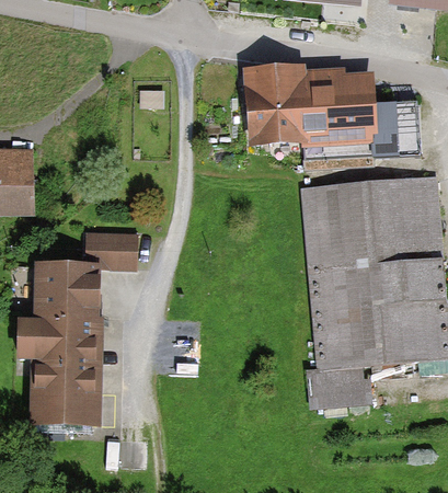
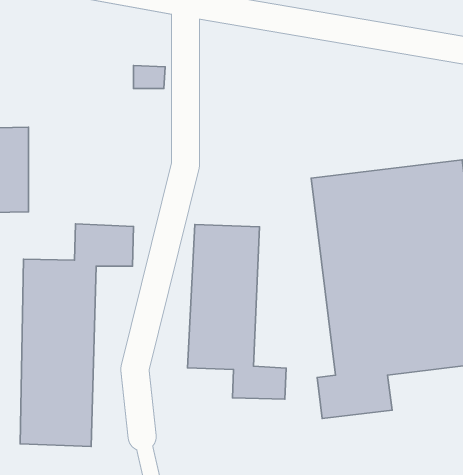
building: [243,62,422,162] -> none
building: none -> [188,225,286,399]

